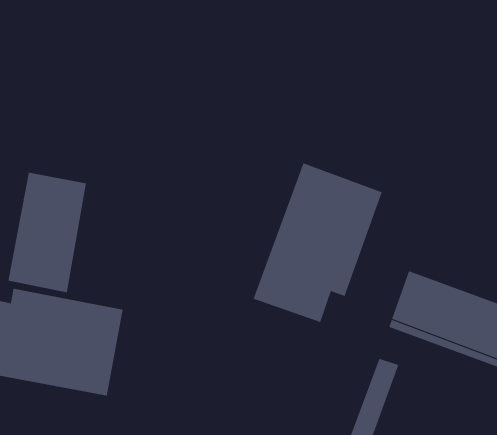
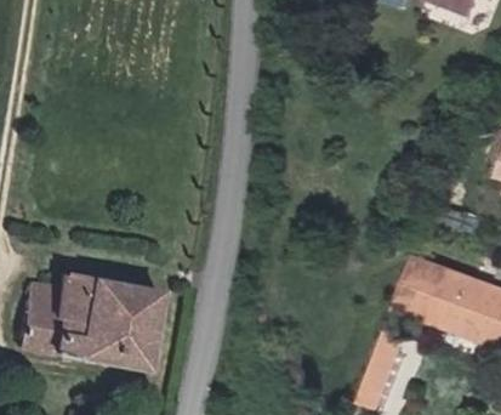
building: [253,163,383,323] -> none
building: [8,172,86,293] -> none

